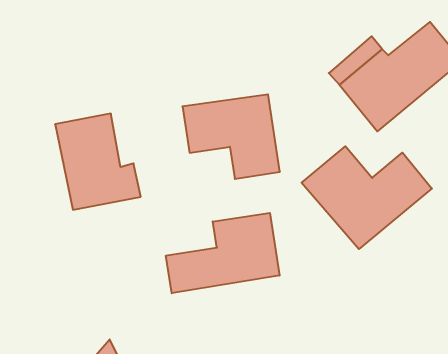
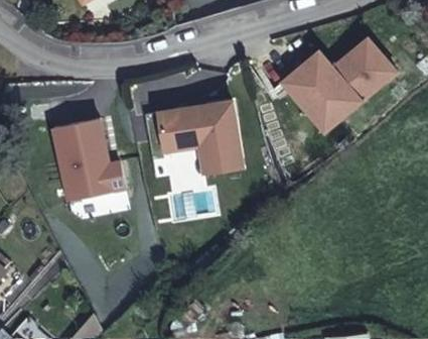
building: [302,146,432,249] -> none
building: [166,213,280,293] -> none

